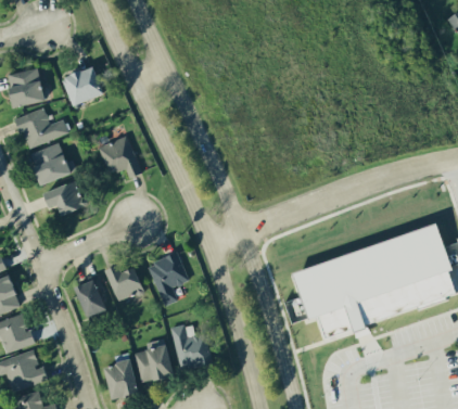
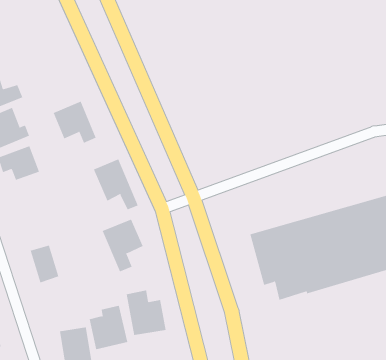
building: [62,66,104,106] -> none
building: none -> [93,159,138,210]
building: [105,264,144,302] -> none

